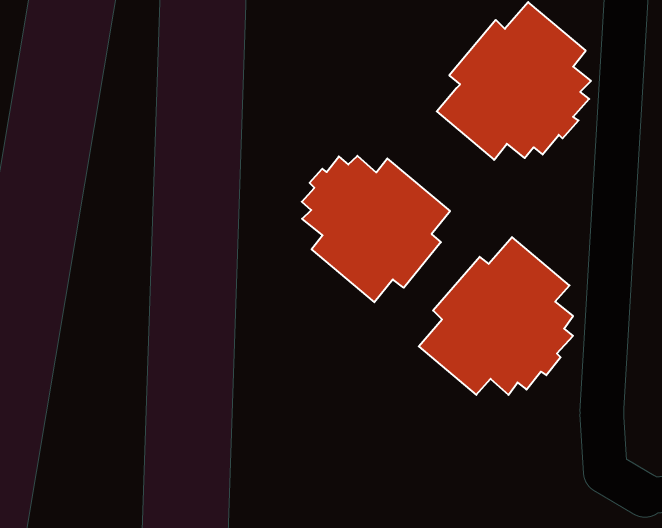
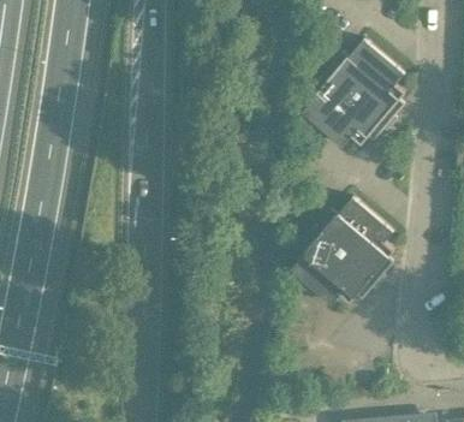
building: [302,156,450,302] -> none

